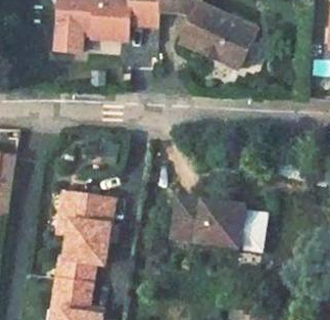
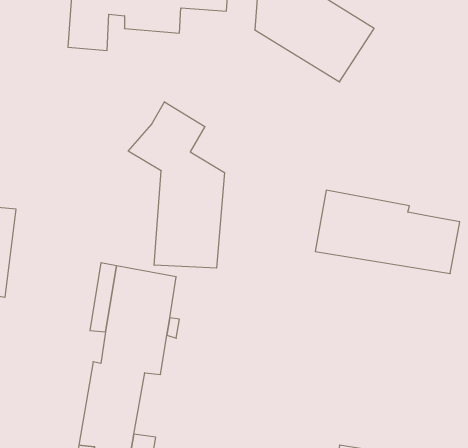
building: none -> [128,102,224,268]
building: [176,197,270,252] -> [315,190,460,274]

